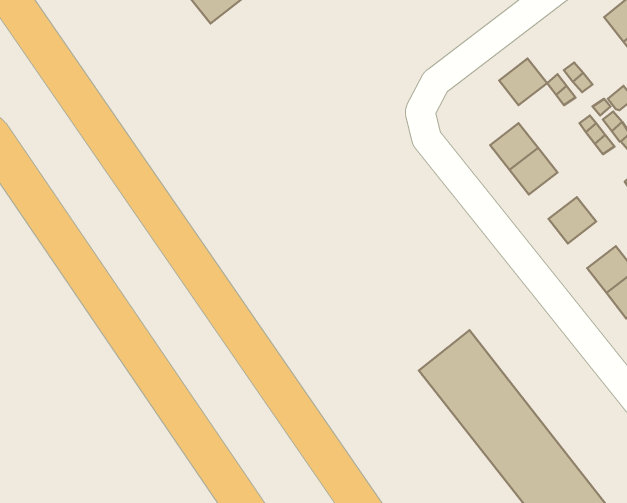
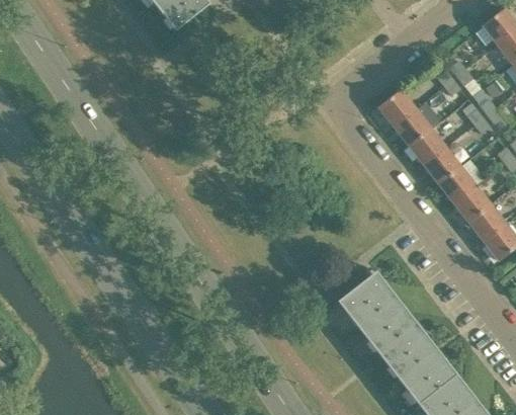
building: [499,59,547,105] -> [378,89,416,126]
building: none -> [424,147,461,183]
building: none -> [454,185,492,222]

